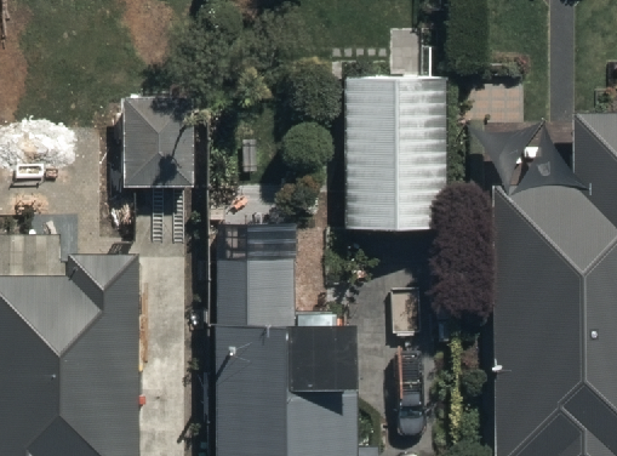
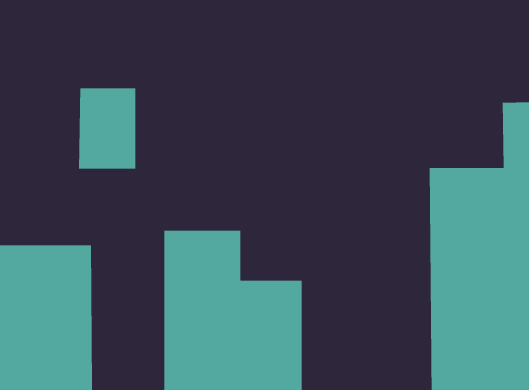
building: [345,78,445,228] -> none

